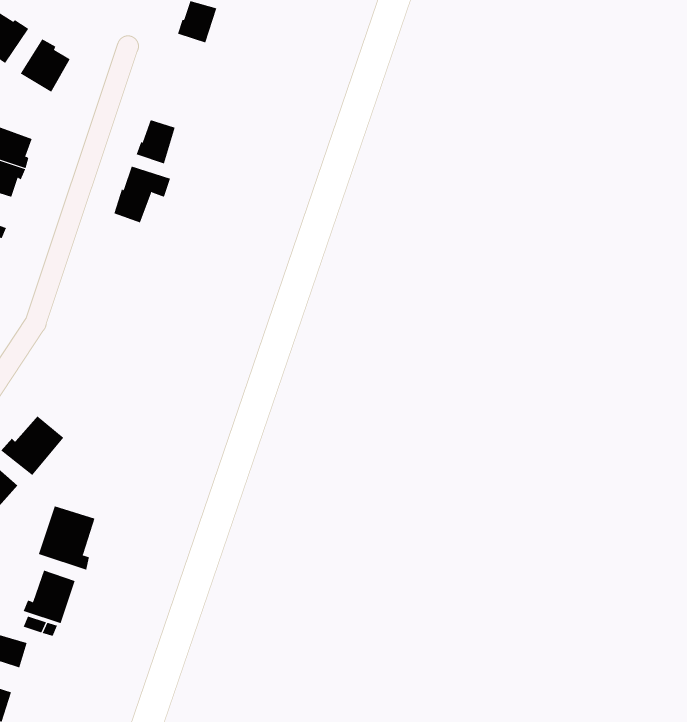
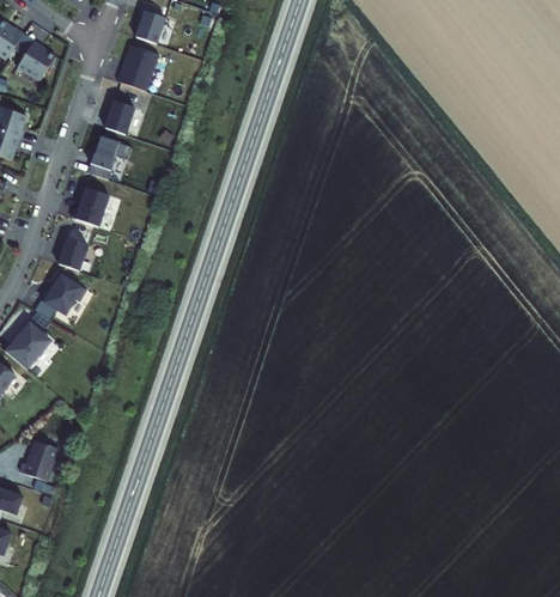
building: none -> [117,44,158,90]
building: none -> [72,187,109,226]
building: none -> [57,237,87,270]
building: none -> [42,273,86,313]
building: [38,505,95,570] -> none

